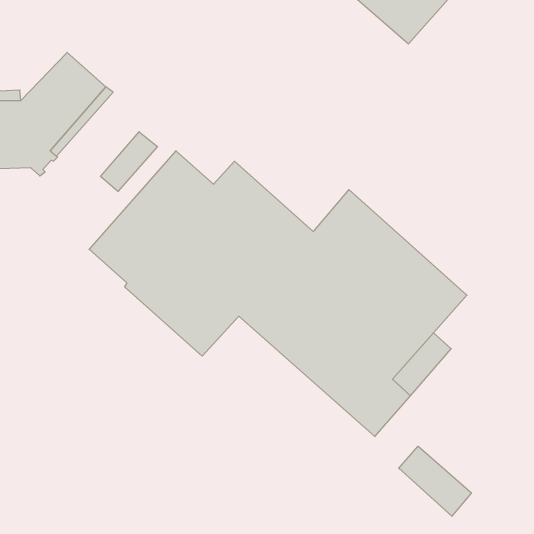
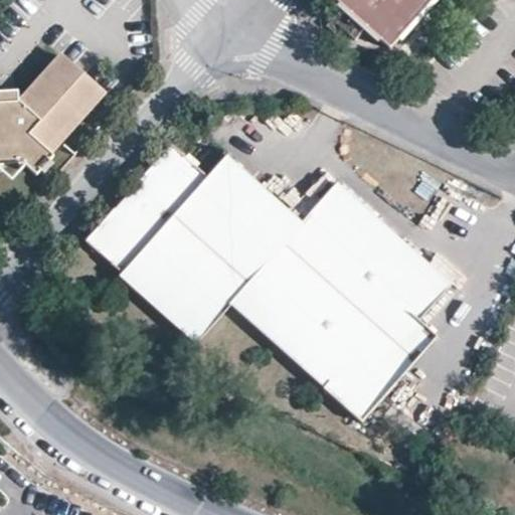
building: [101,132,158,191] -> none
building: [399,446,471,516] -> none

